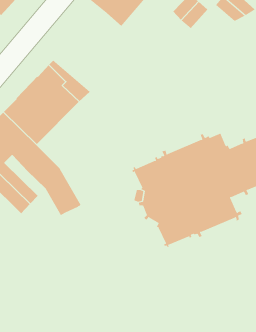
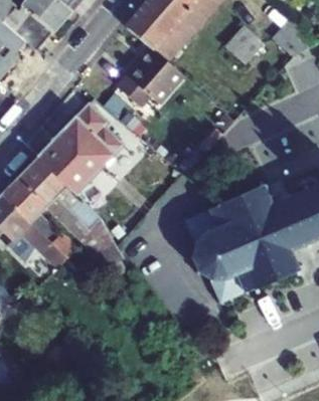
building: none -> [117,47,182,106]

